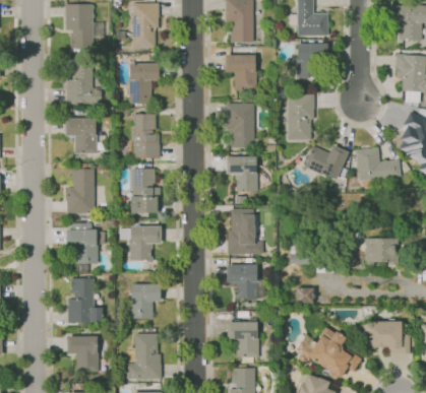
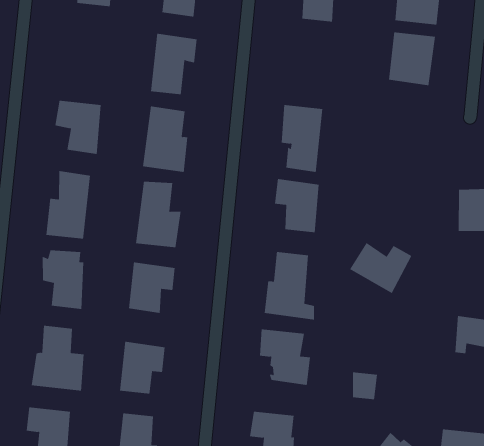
building: [224,53,256,93] -> none
building: [65,59,101,104] -> none
building: [287,93,313,140] -> none
building: [303,145,347,180] -> [349,242,412,294]

